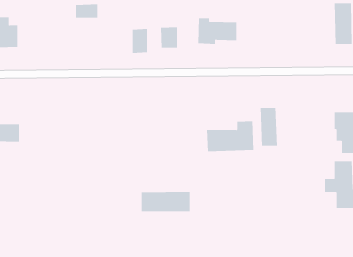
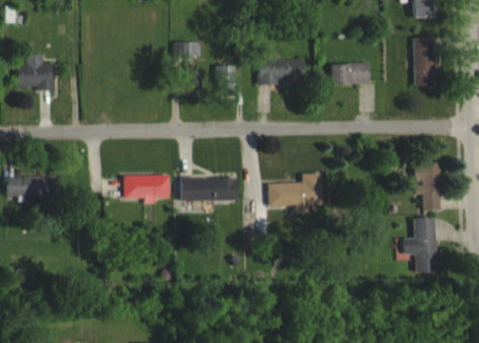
building: [75,4,98,18] -> [173,42,199,58]
building: none -> [330,64,369,84]
building: [260,107,277,146] -> none
building: none -> [124,175,169,204]
building: [141,191,190,212] -> [180,178,237,201]

